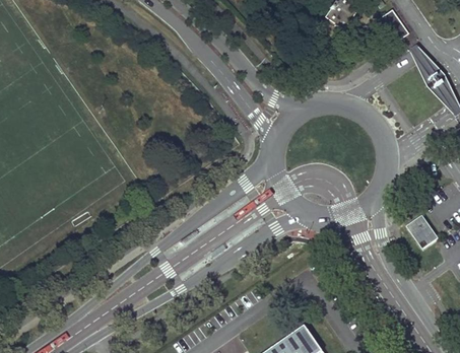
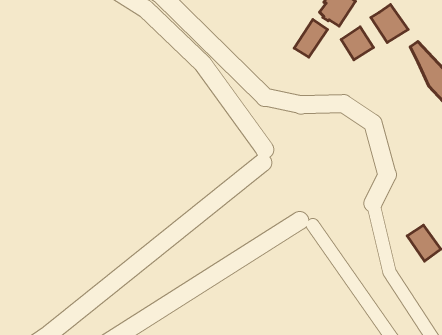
building: none -> [294,19,328,57]
building: none -> [341,27,374,60]

